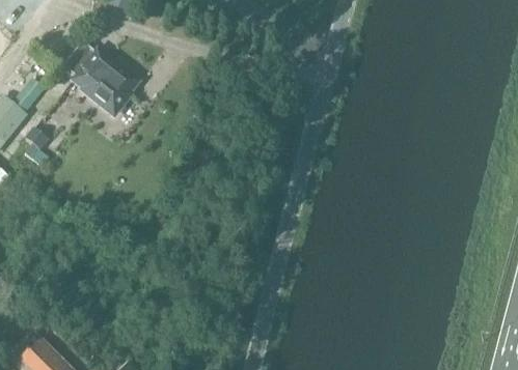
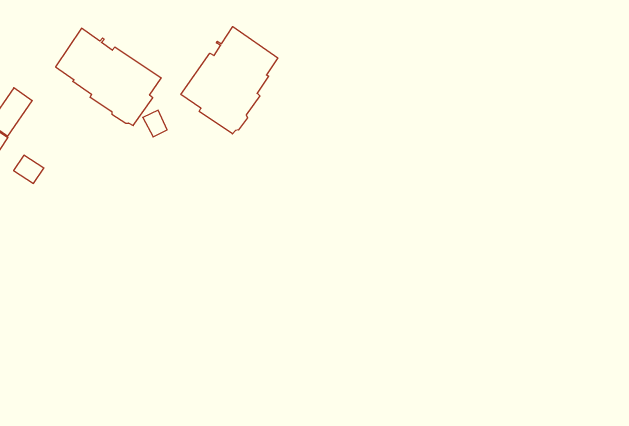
building: none -> [181,27,278,134]

